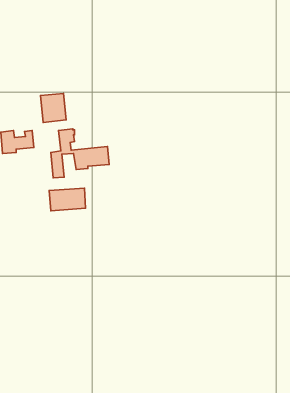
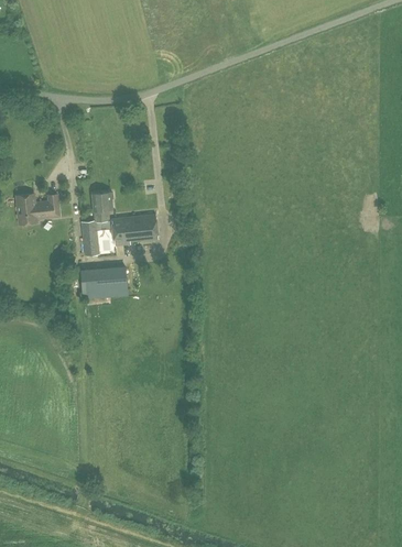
building: [41,93,66,122] -> none

